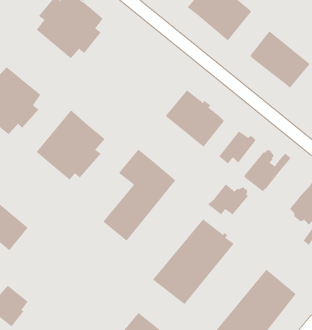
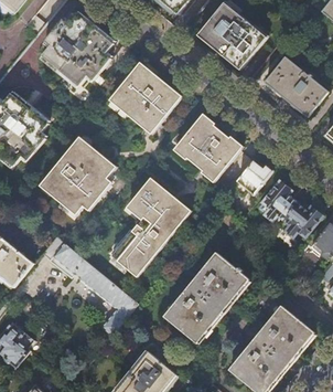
building: none -> [112,65,181,131]
building: [208,184,249,215] -> [279,203,322,236]
building: none -> [43,236,138,336]

